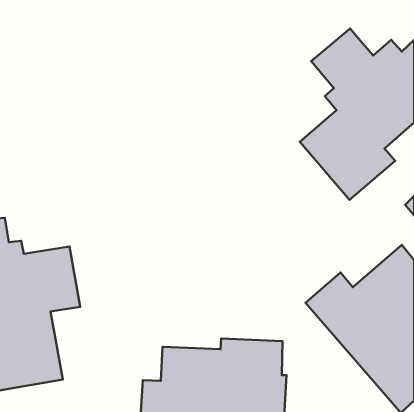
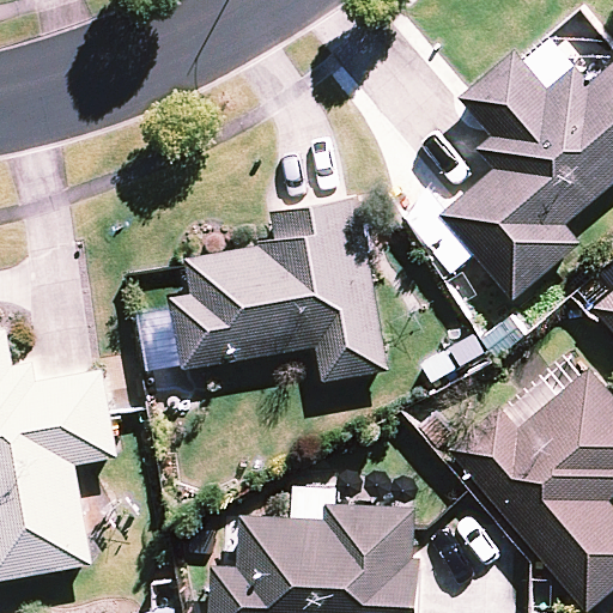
building: none -> [168,196,388,382]

